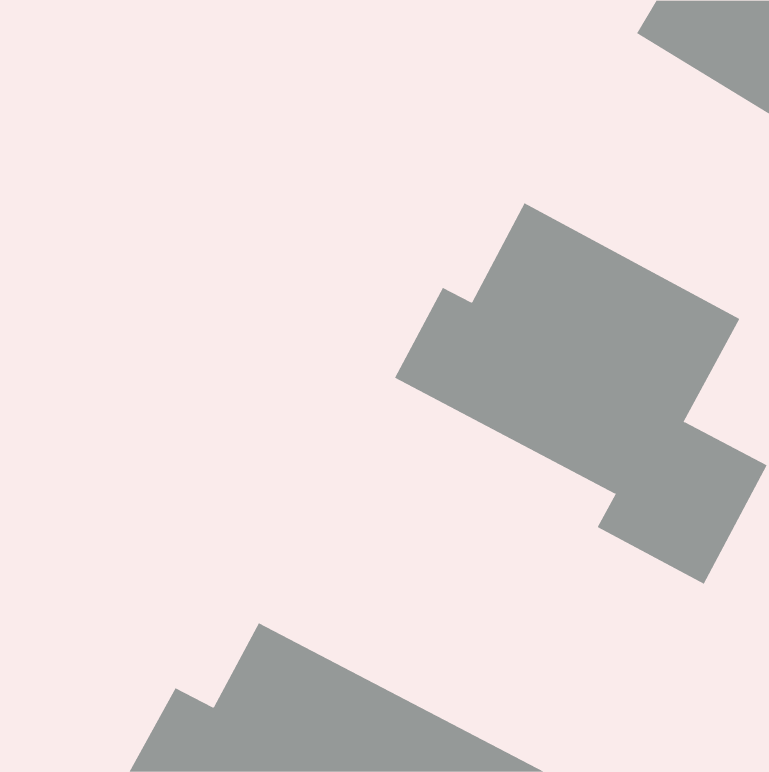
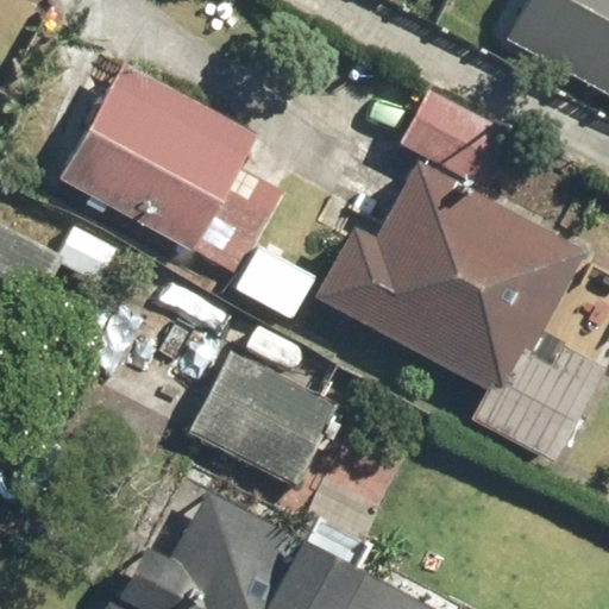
building: none -> [61,64,283,274]
building: none -> [190,350,338,488]

